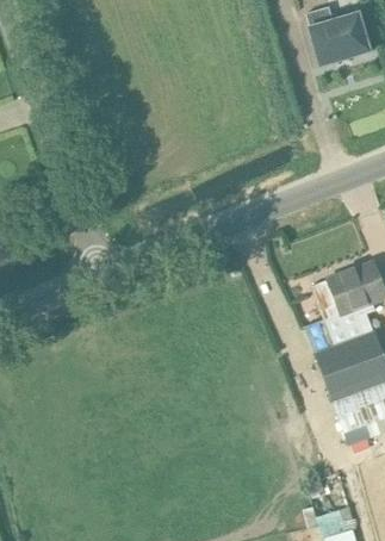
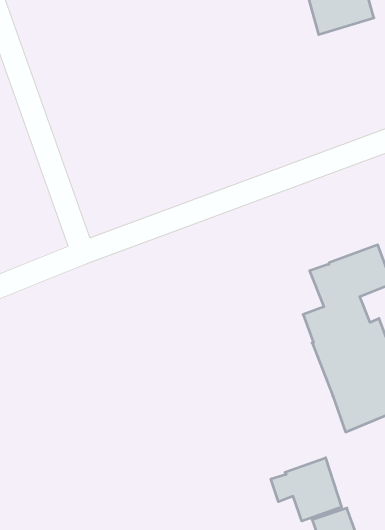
building: none -> [271,458,342,521]

